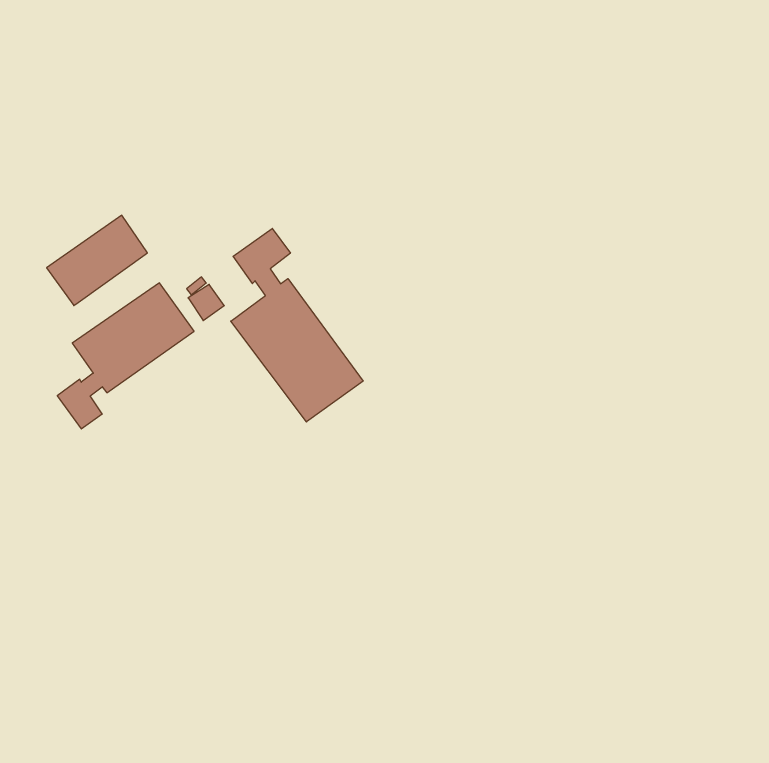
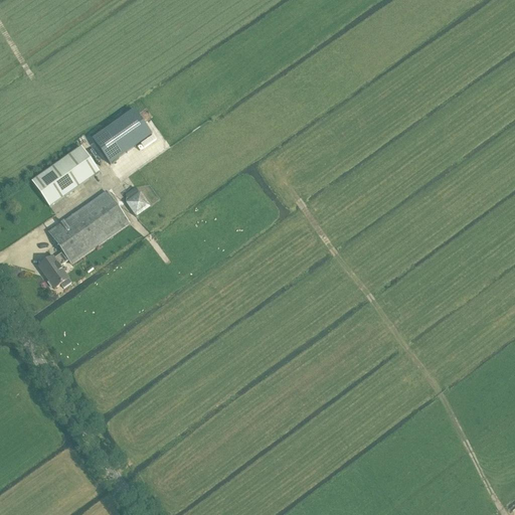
building: none -> [93,107,152,161]
building: [231,228,363,422] -> none

